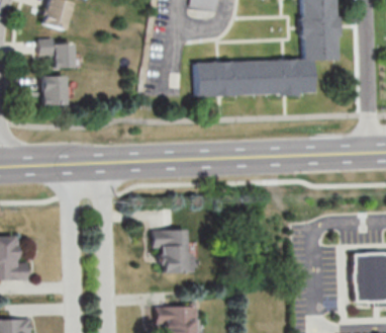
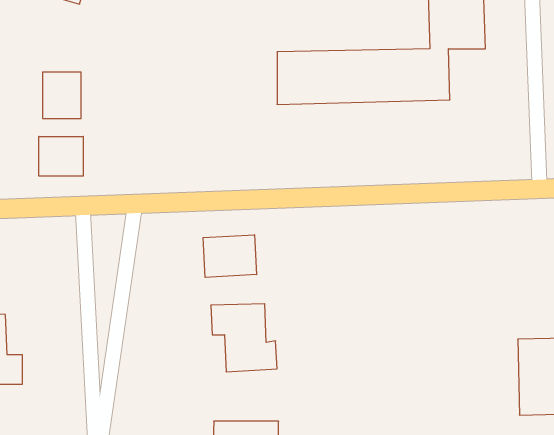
building: [42,38,80,68] -> none
building: none -> [39,136,83,176]
building: none -> [203,235,257,277]

